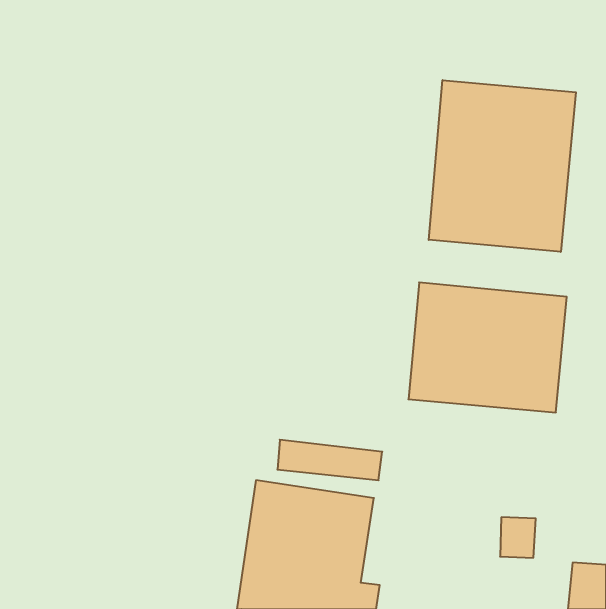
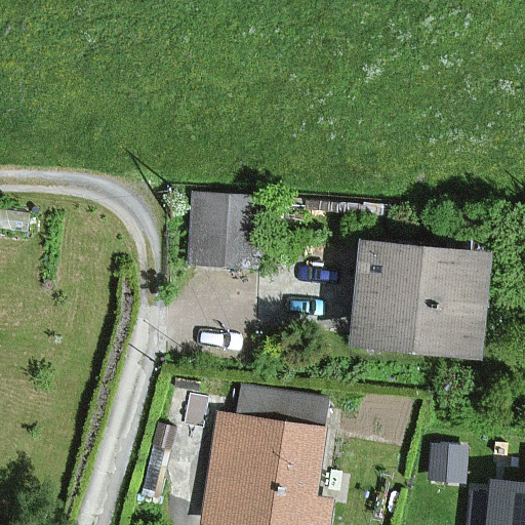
building: [429,80,576,252] -> none
building: none -> [190,196,256,266]

